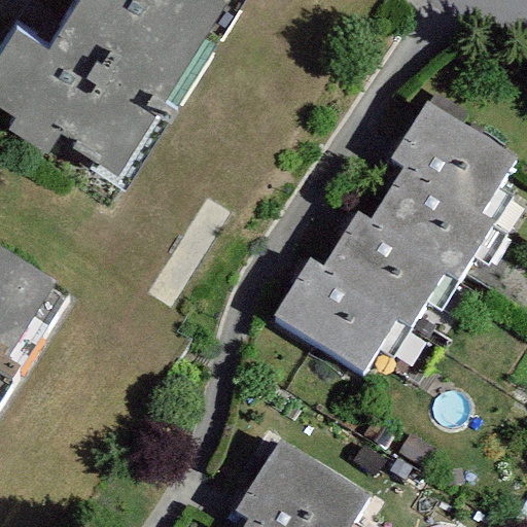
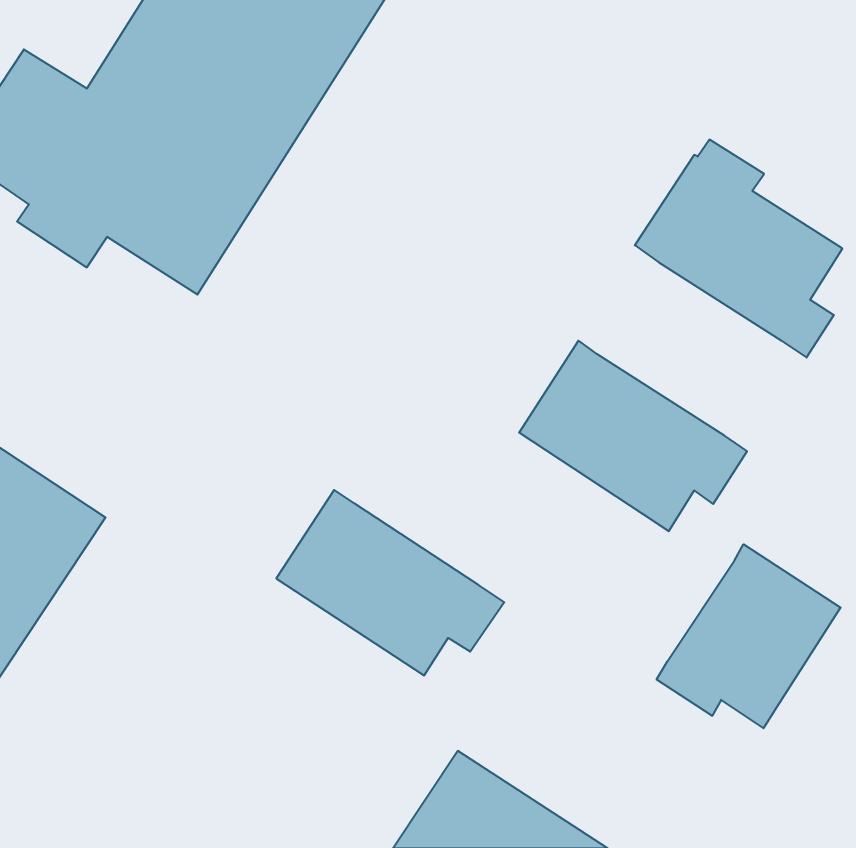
building: [361,159,502,273] -> none
building: [267,253,405,365] -> [276,490,504,675]
building: none -> [657,544,841,728]

